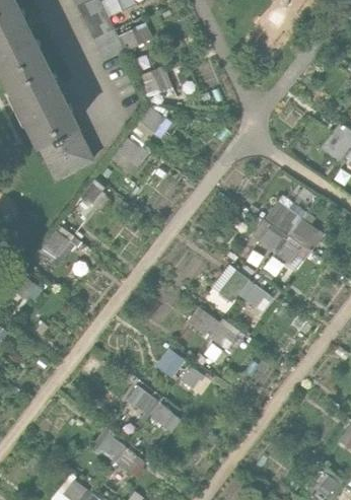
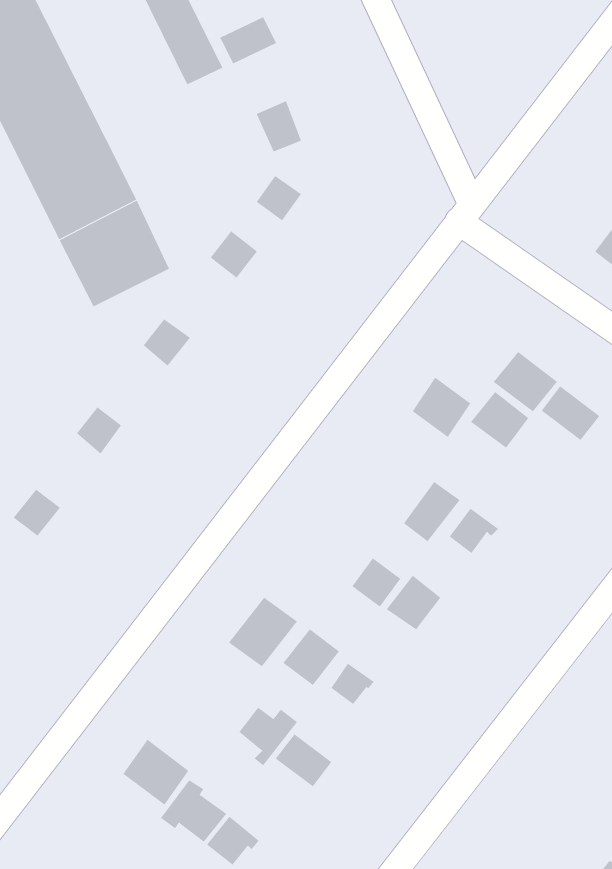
building: [276,238,307,271] -> [412,377,471,438]
building: none -> [228,597,298,667]
building: none -> [123,739,189,805]

